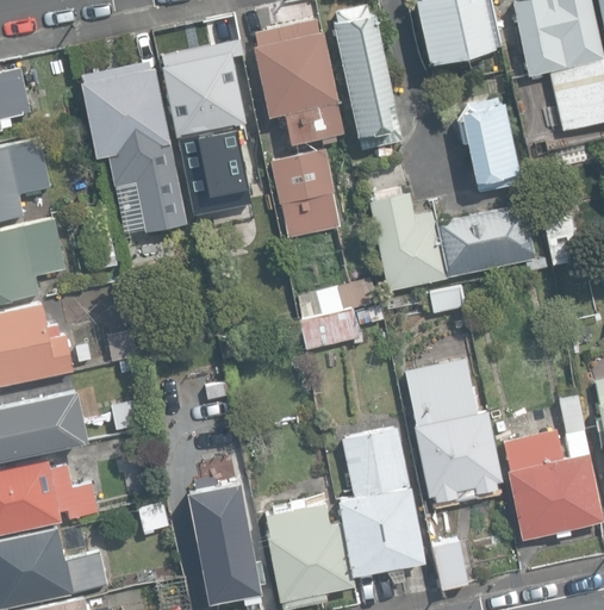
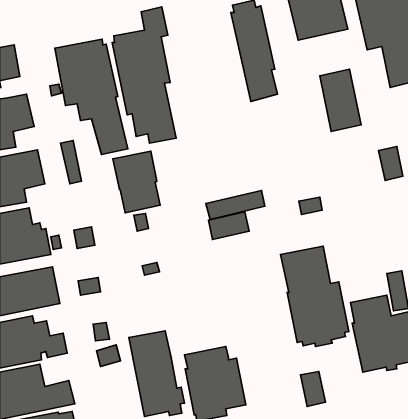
building: [253,20,343,145] -> none
building: [270,150,338,238] -> [113,151,160,213]
building: [367,193,547,292] -> none
building: [337,428,425,575] -> none

